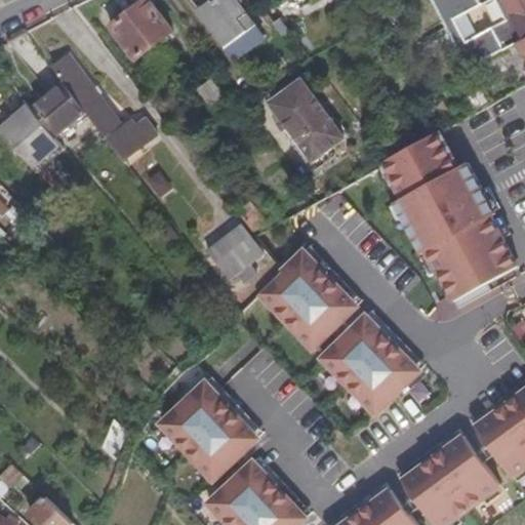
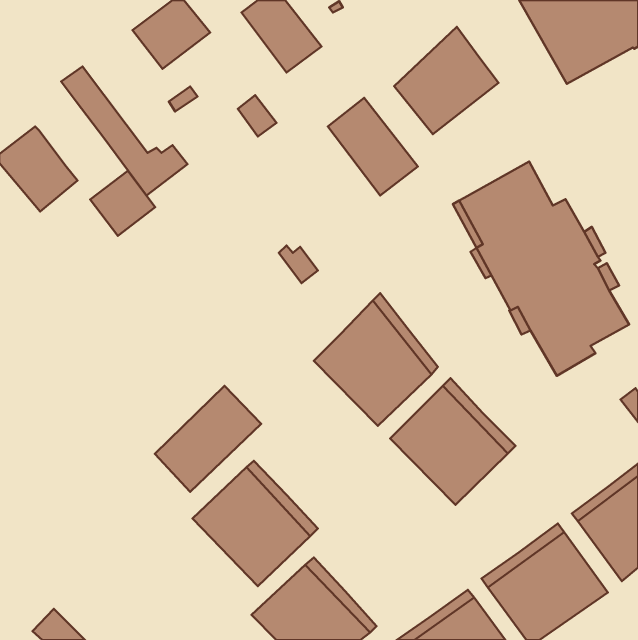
building: none -> [394,27,499,134]
building: [32,83,85,136] -> [90,171,155,236]
building: [201,225,260,282] -> none
building: none -> [155,386,261,492]

